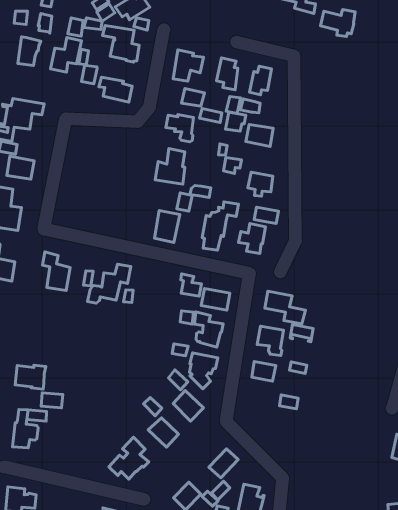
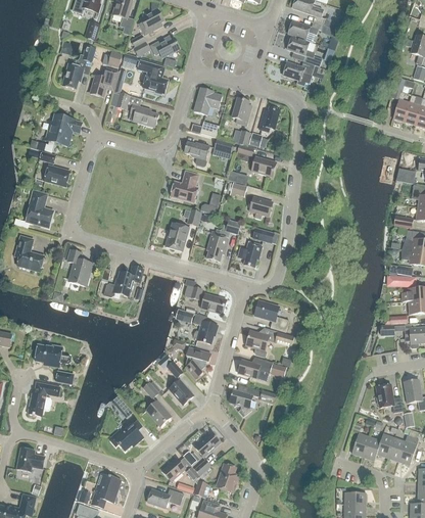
building: [321,9,355,37] -> [283,61,314,85]
building: none -> [228,386,259,416]

